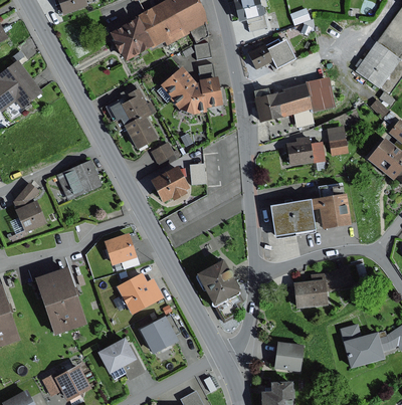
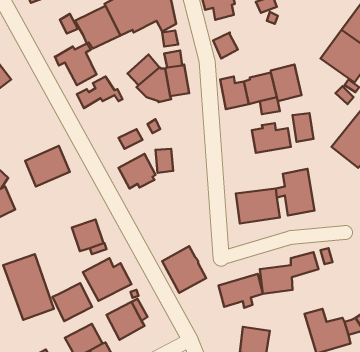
building: [263,38,294,68] -> none
building: [115,108,157,150] -> [55,44,97,85]
building: none -> [218,274,263,308]
building: none -> [53,283,92,321]

